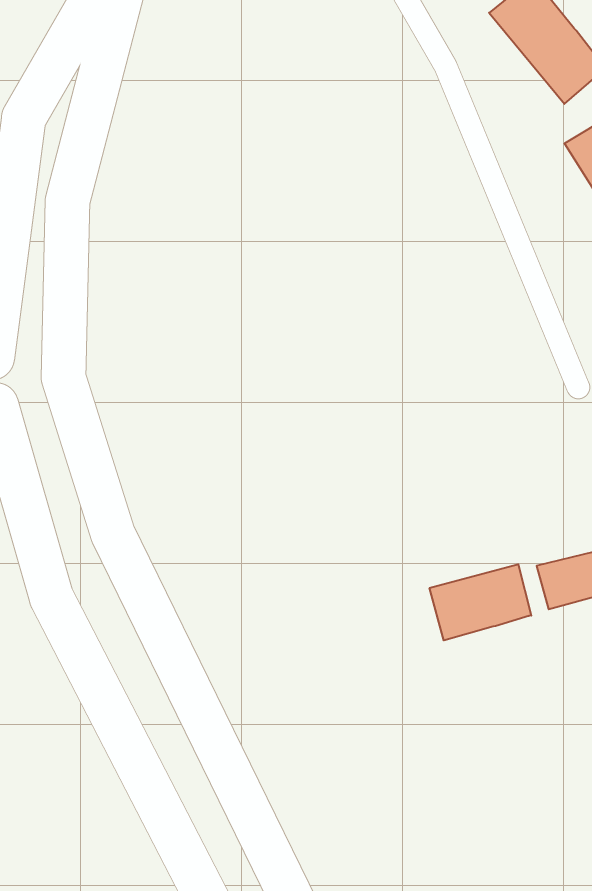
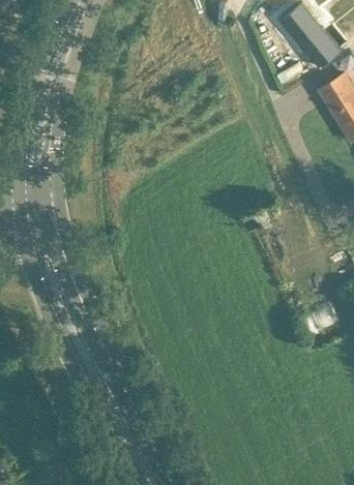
building: [430,564,531,640] -> none

